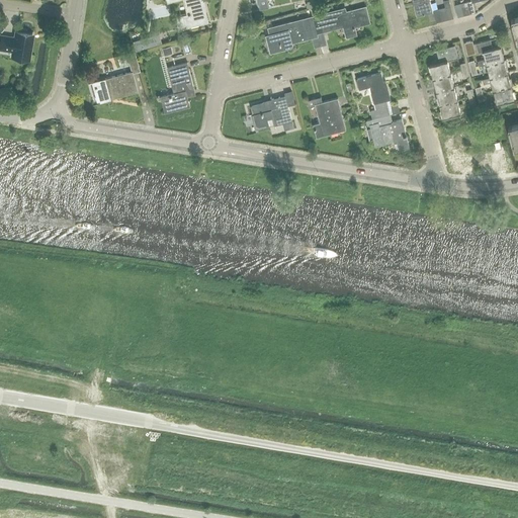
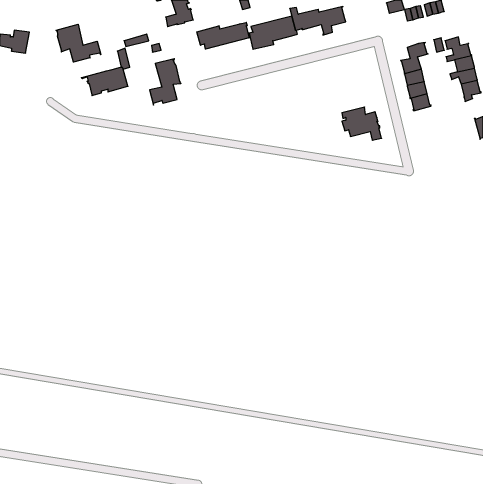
building: none -> [197,22,249,49]
building: none -> [56,24,101,62]
building: [356,73,390,118] -> none
building: [250,96,293,131] -> none
building: [306,97,345,138] -> none

